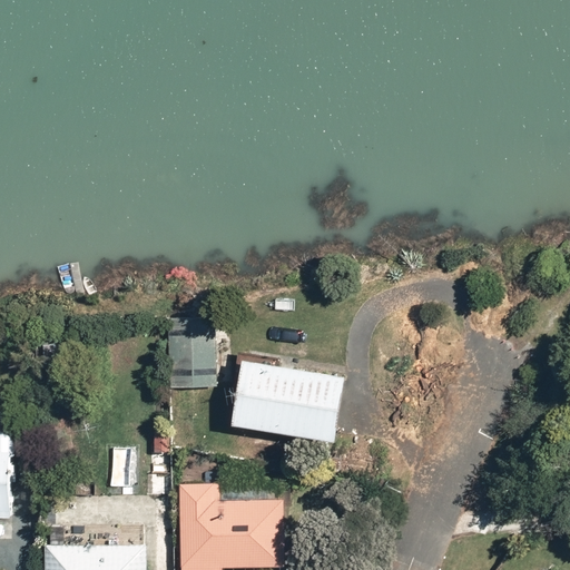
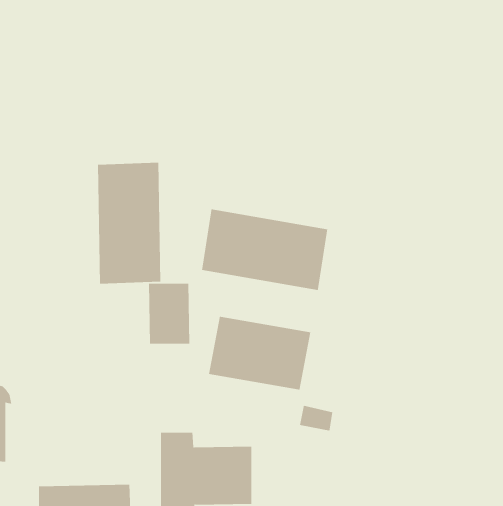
building: none -> [98,162,161,284]
building: none -> [201,209,328,291]

